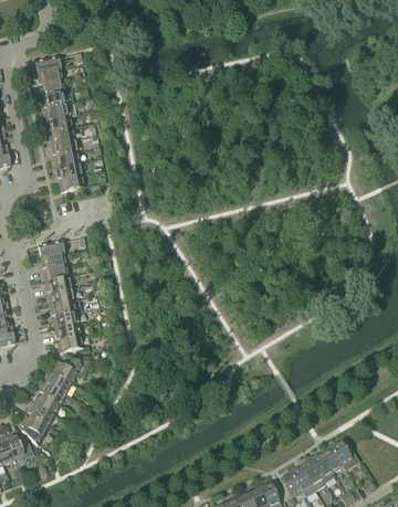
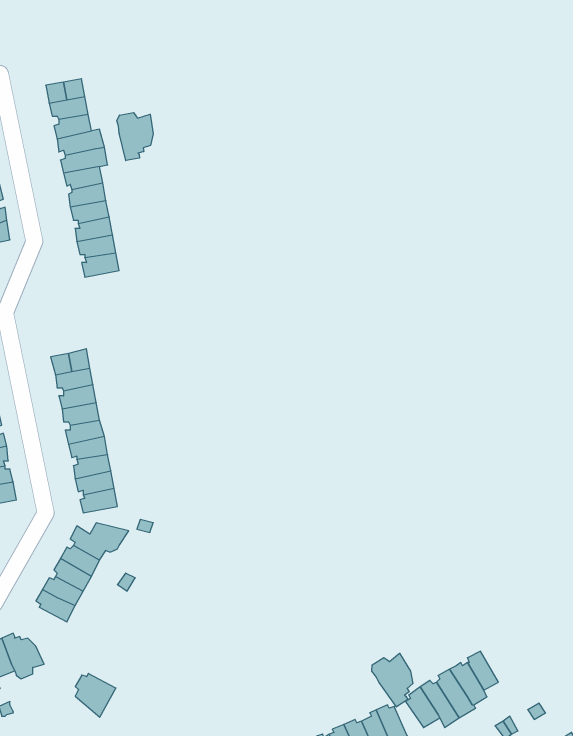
building: none -> [117,113,153,161]
building: [20,416,48,446] -> [75,673,116,717]
building: [328,442,357,471] -> none
building: none -> [372,653,413,707]

